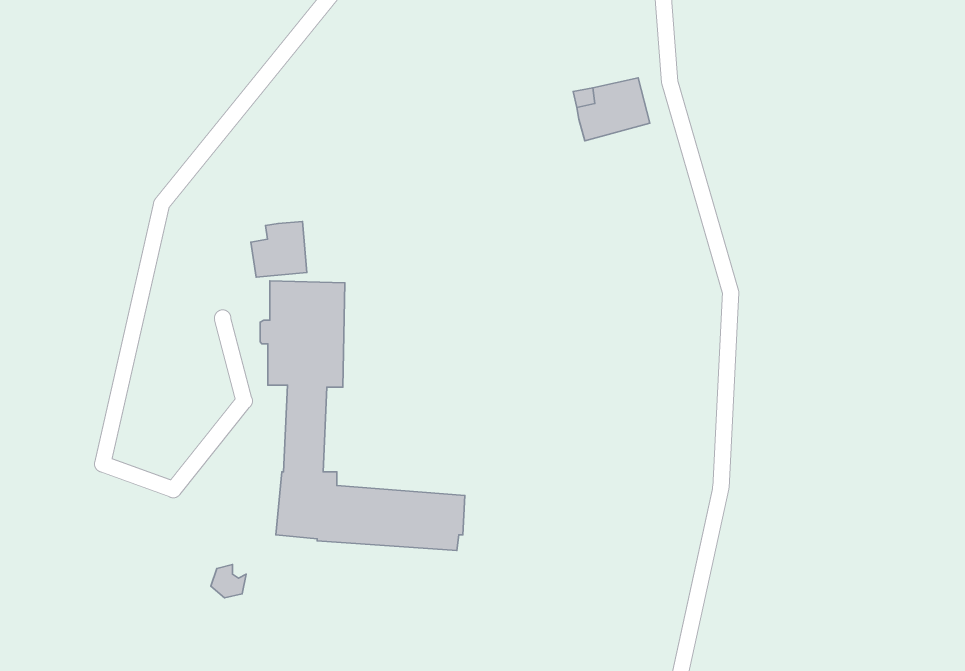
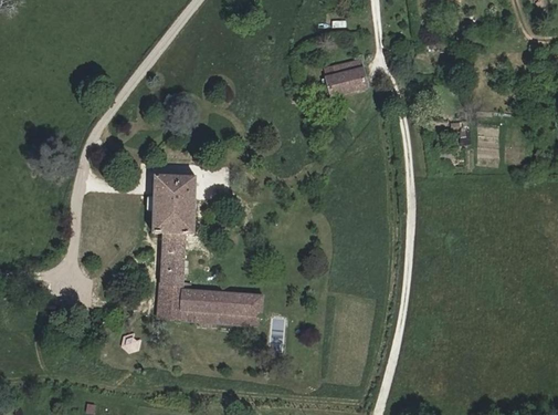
building: [251,222,307,277] -> none

